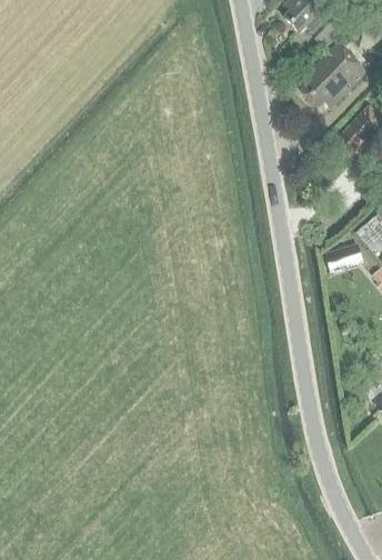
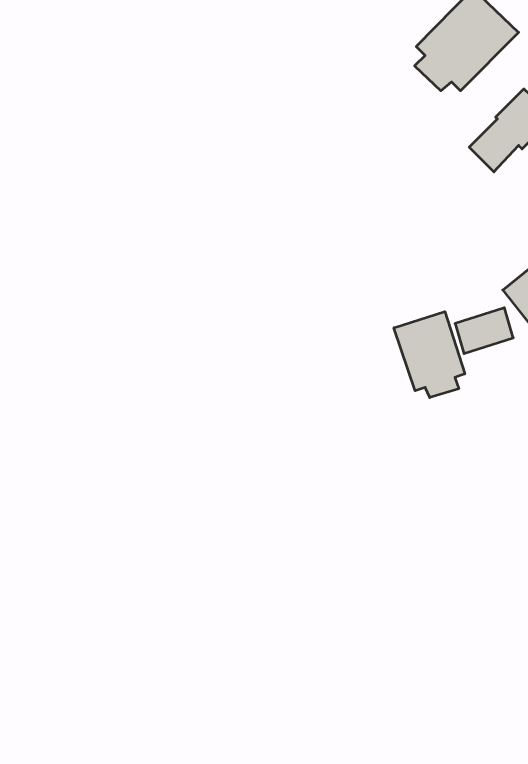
building: none -> [394,312,465,398]

